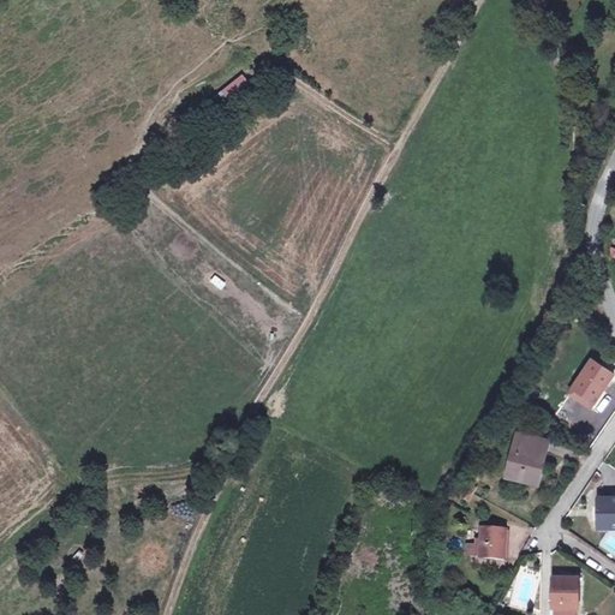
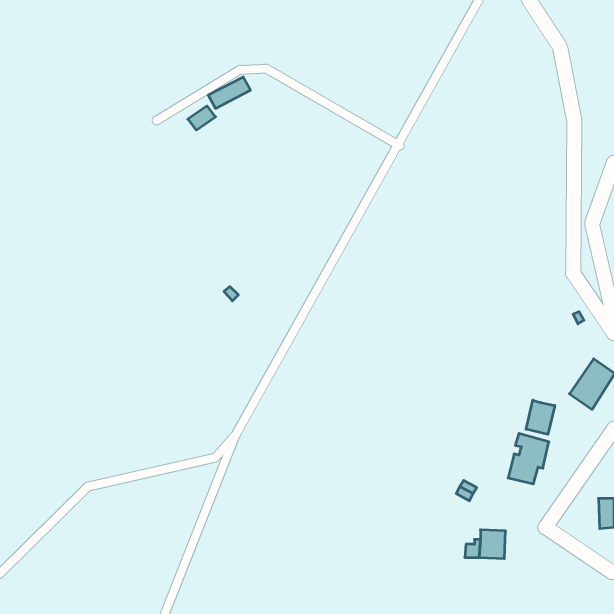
building: none -> [526,400,555,434]
building: [551,577,579,608] -> none

